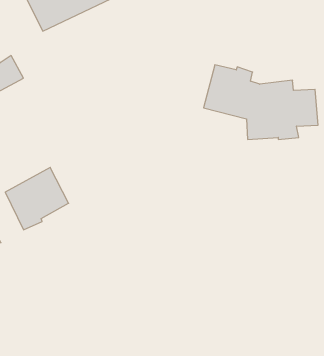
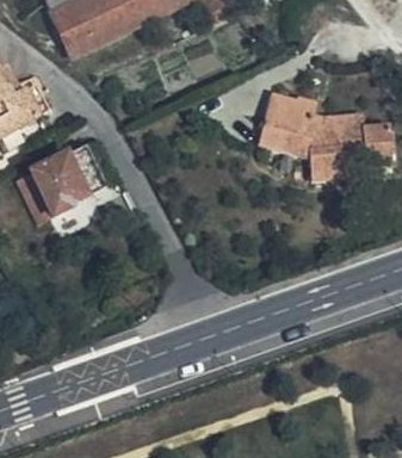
building: [5,167,69,230] -> [31,143,105,216]

